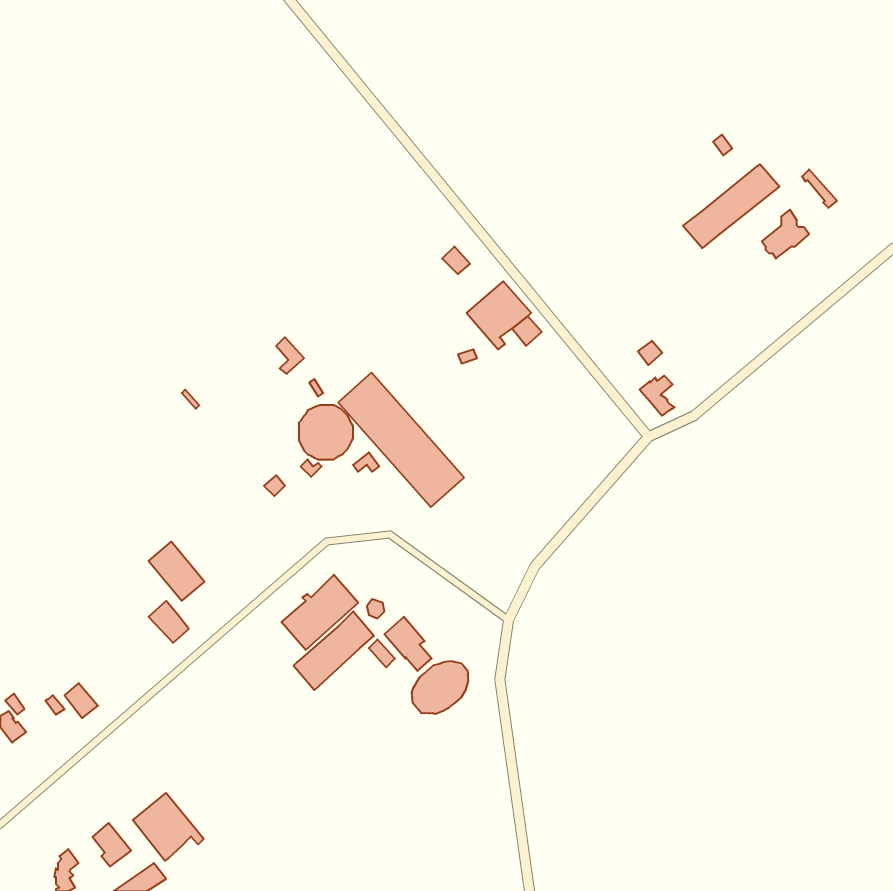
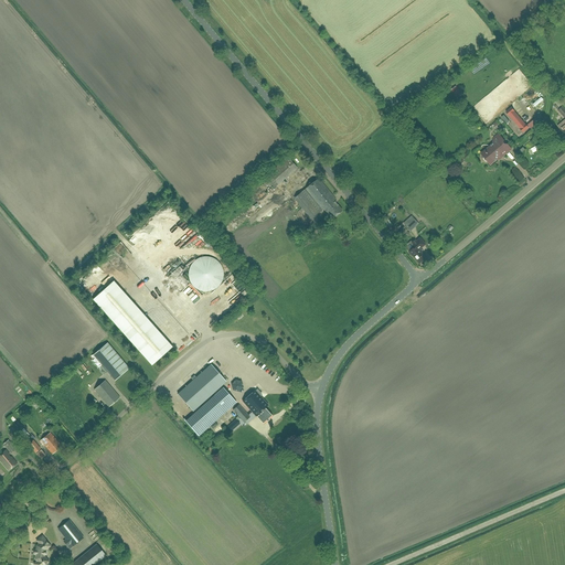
building: [683,164,779,248] -> none
building: [338,373,464,507] -> [93,280,172,365]
building: [412,661,468,714] -> none
building: [133,793,204,861] -> none

